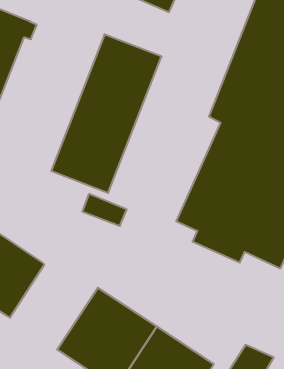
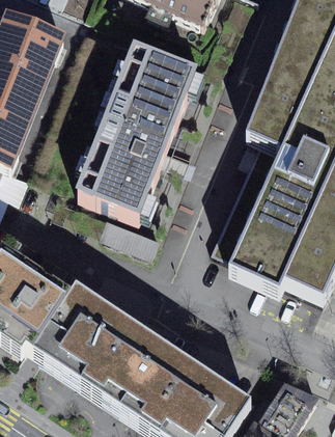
building: none -> [33,283,128,383]

